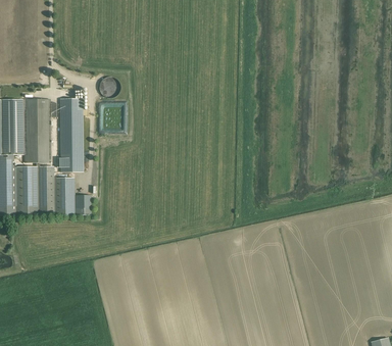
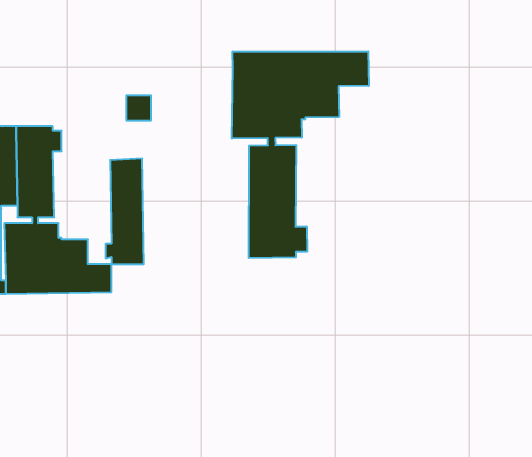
building: none -> [232,51,369,258]
building: [56,97,83,170] -> [106,159,144,264]

